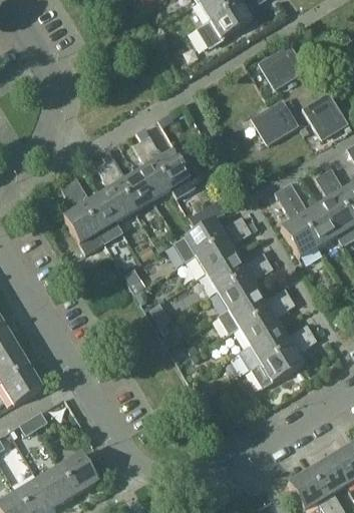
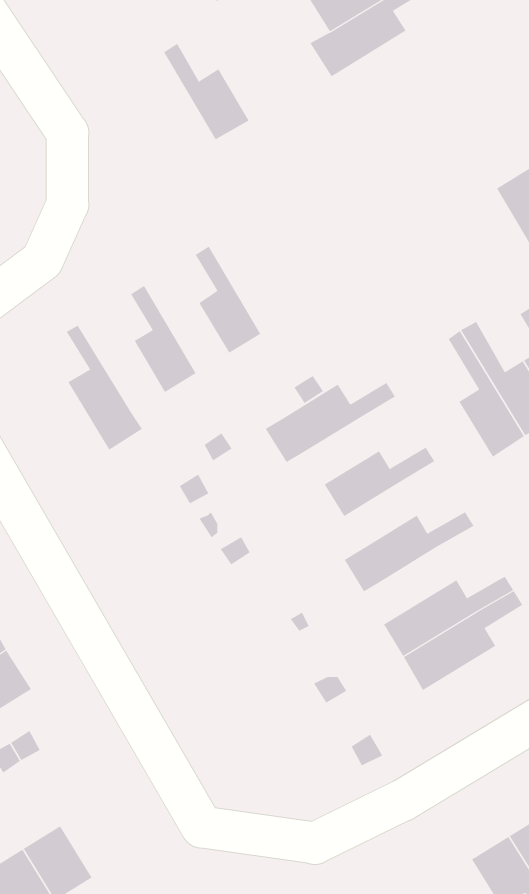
building: [258,43,306,89] -> none
building: [250,98,299,145] -> none
building: [141,134,190,188] -> [163,43,249,140]
building: [105,156,152,210] -> none
building: [68,178,116,232] -> none
building: [195,223,251,273] -> none
building: [217,260,273,309] -> none
building: [238,296,295,345] -> none
building: [58,450,98,492] -> none

